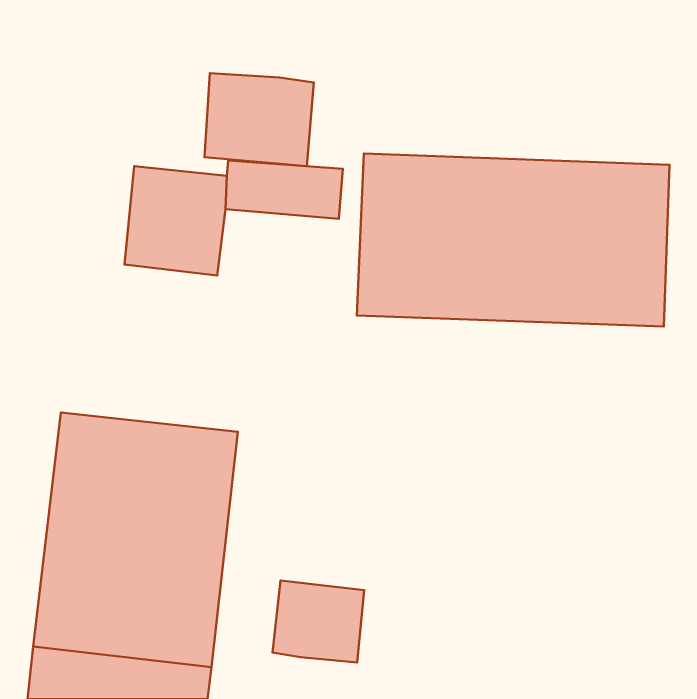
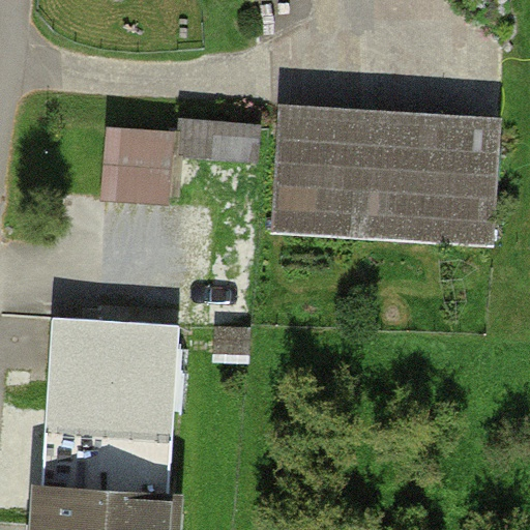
building: [204,73,314,166] -> none
building: [273,580,364,662] -> none

